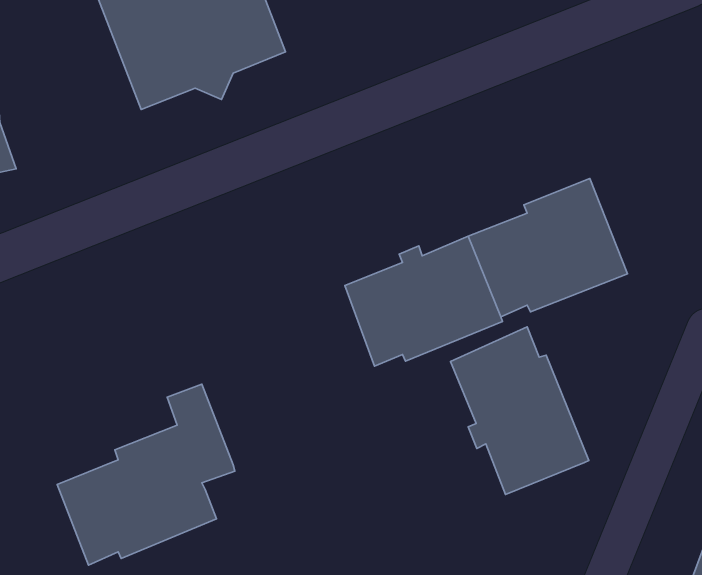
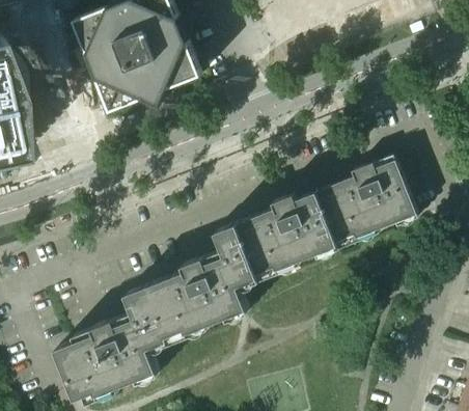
building: none -> [146,224,257,337]
building: [451,327,589,495] -> none

